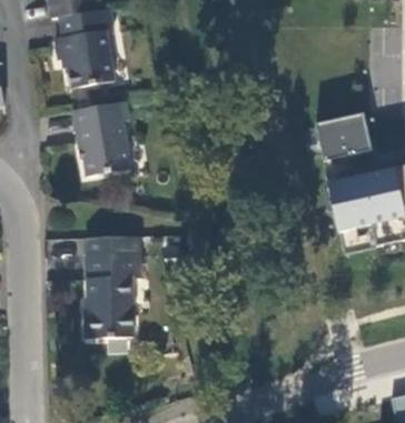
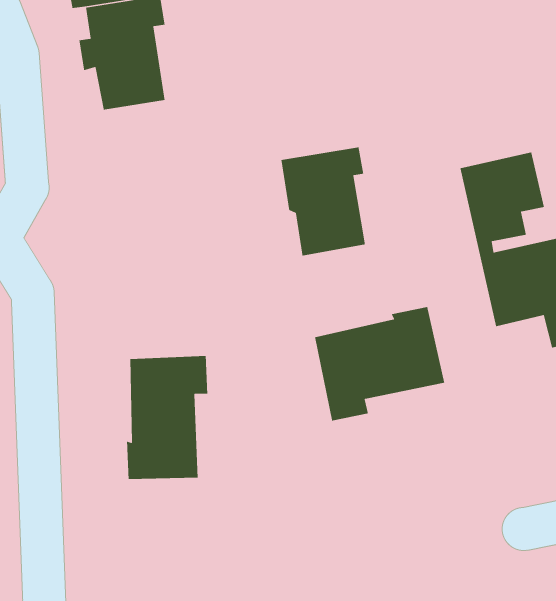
building: [72,99,130,173] -> [280,146,366,256]
building: none -> [314,306,445,421]

